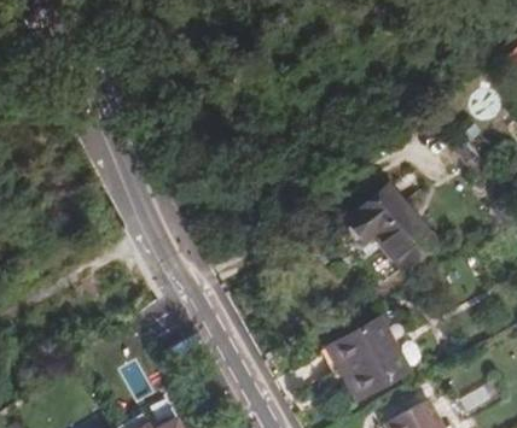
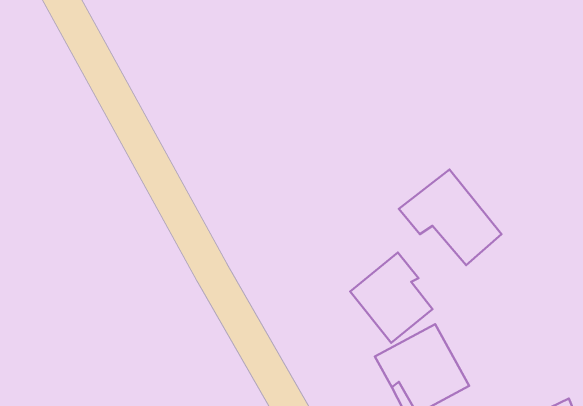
building: none -> [350,253,433,343]

